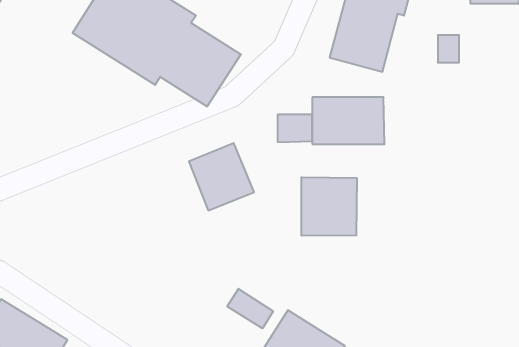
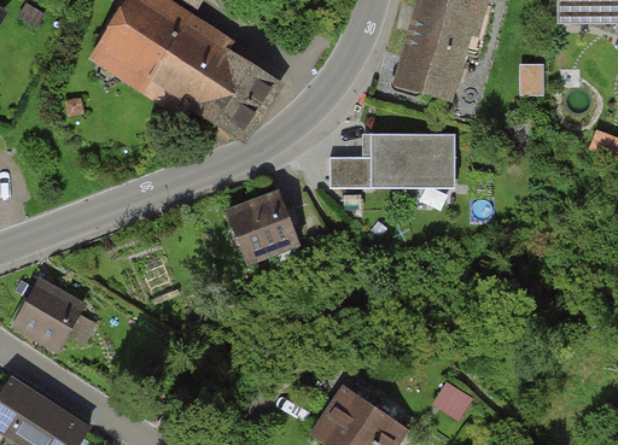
building: [302,177,357,236] -> none
building: none -> [12,277,87,353]
building: [227,289,273,328] -> none

